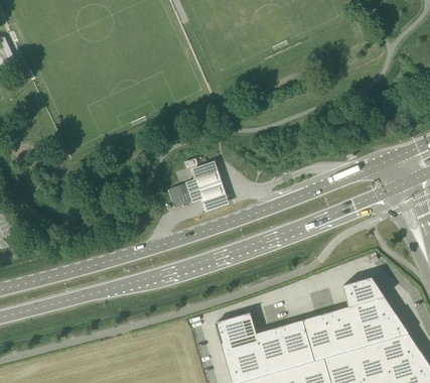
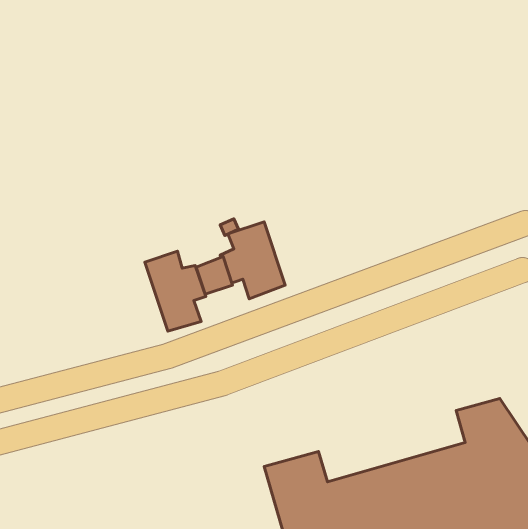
building: none -> [145,251,206,331]

